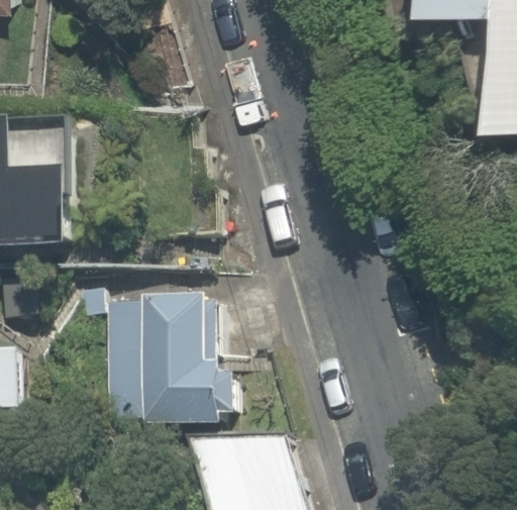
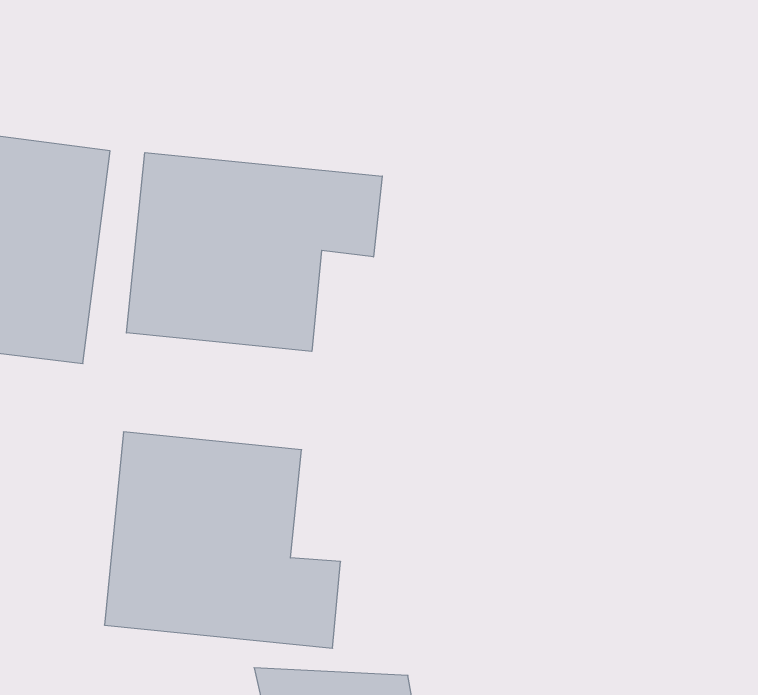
building: none -> [126,153,382,351]

